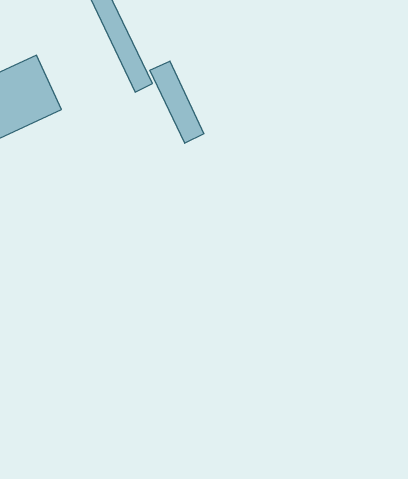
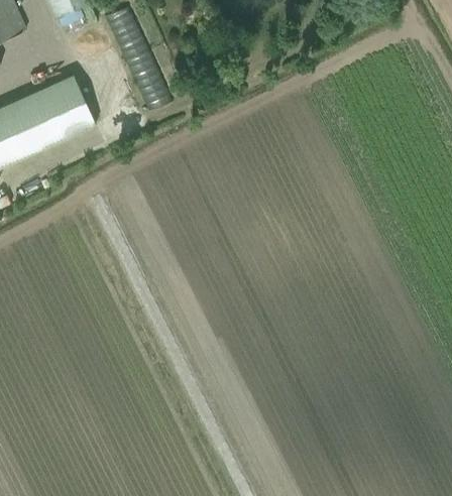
building: [150,61,204,143] -> none

